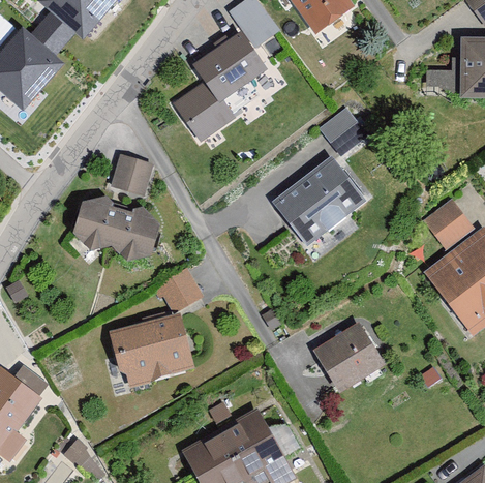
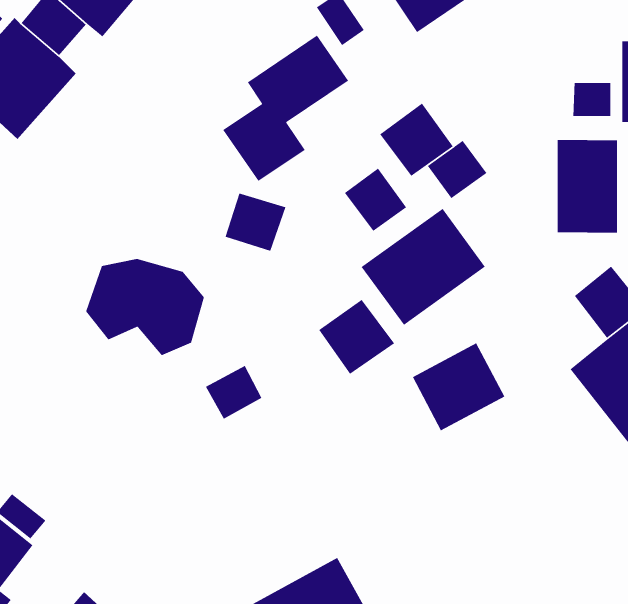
building: none -> [379,102,454,177]
building: none -> [557,139,618,233]
building: none -> [344,167,407,232]
building: [109,151,153,193] -> [225,193,287,252]
building: none -> [318,299,395,375]
building: [109,316,187,381] -> none
building: [313,324,381,388] -> [412,342,505,432]

